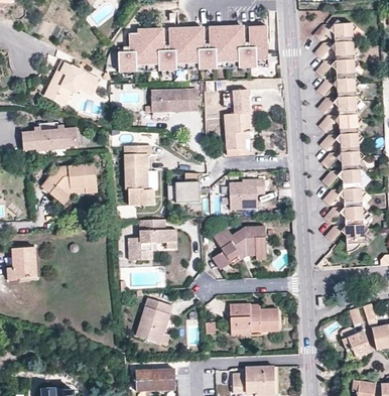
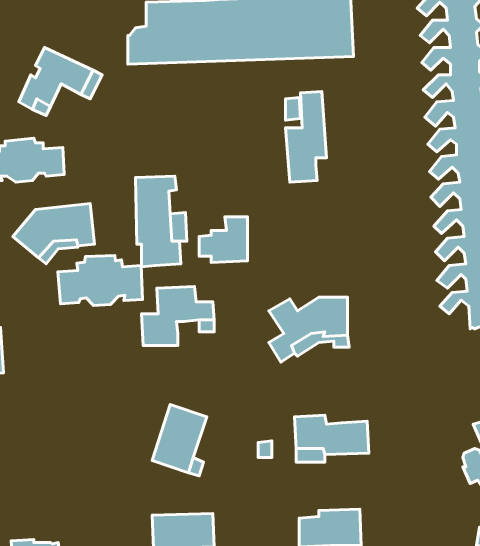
building: [149,89,196,111] -> none
building: [229,179,264,210] -> none
building: none -> [58,255,142,306]

